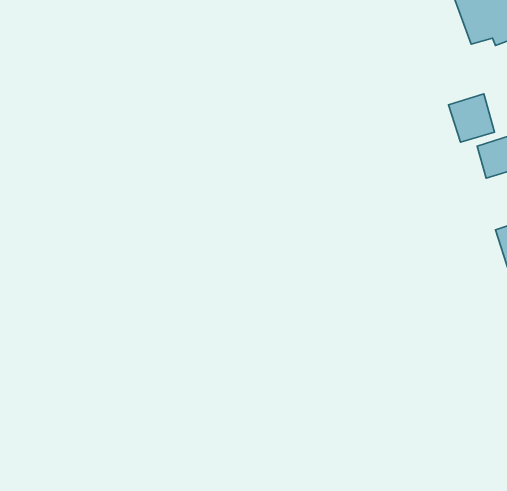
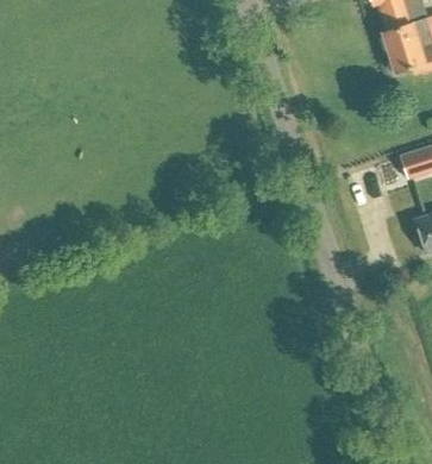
building: [448,94,495,142] -> none

